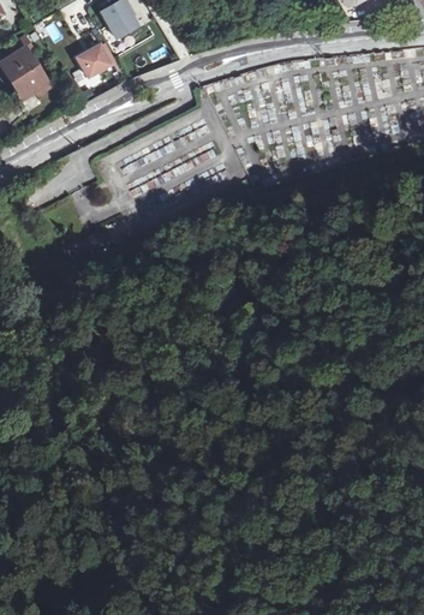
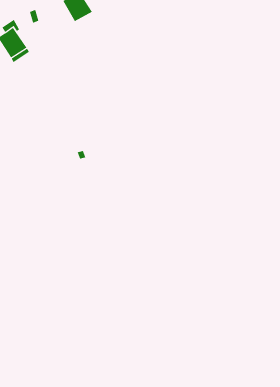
building: [72,43,109,80] -> none

